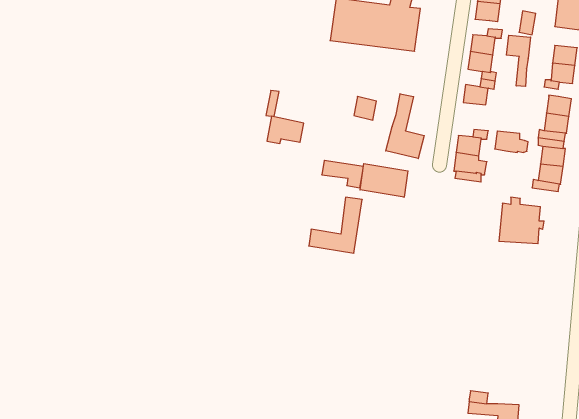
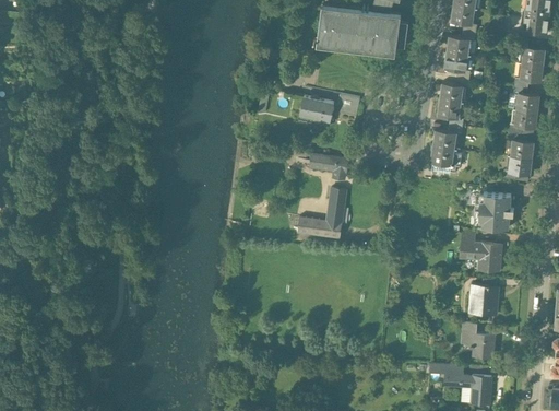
building: [506,35,531,86] -> none
building: [386,94,424,159] -> none
building: [267,116,304,143] -> [300,96,334,121]
building: [495,131,528,152] -> [438,99,468,119]
building: [360,164,408,197] -> none
building: none -> [460,242,501,271]
building: none -> [471,284,498,315]
building: none -> [461,329,495,357]

